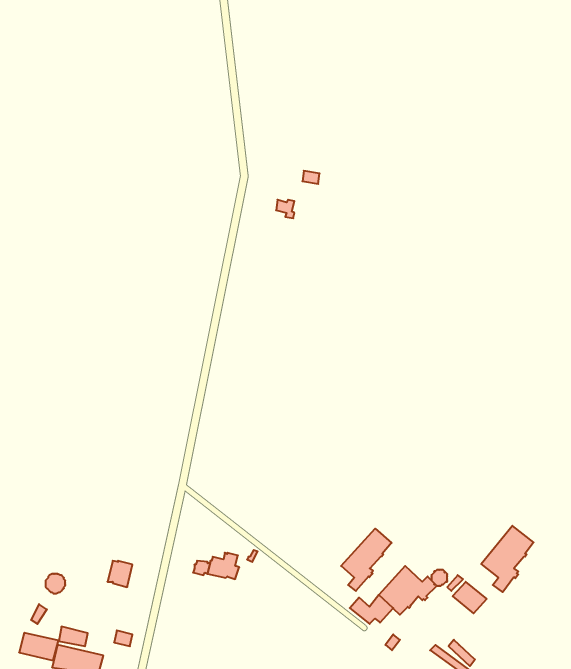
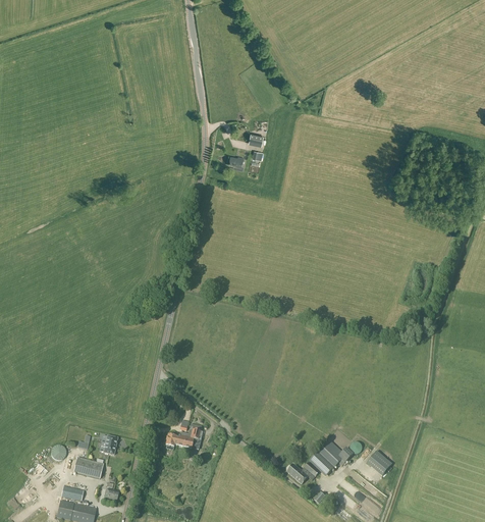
building: [481,526,534,592] -> none
building: [341,529,392,591] -> none
building: [19,633,59,660] -> [73,457,104,478]

